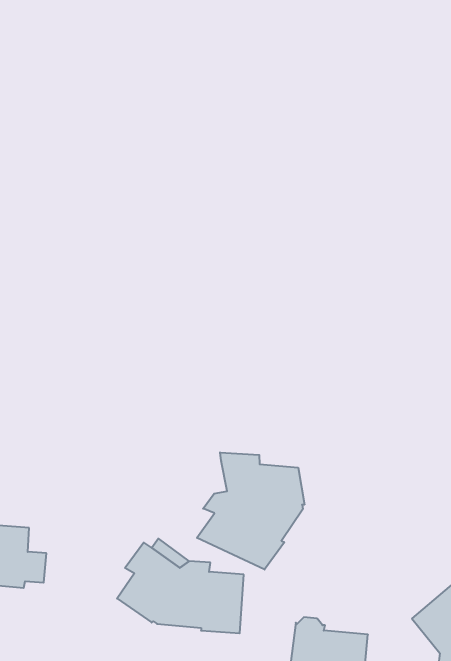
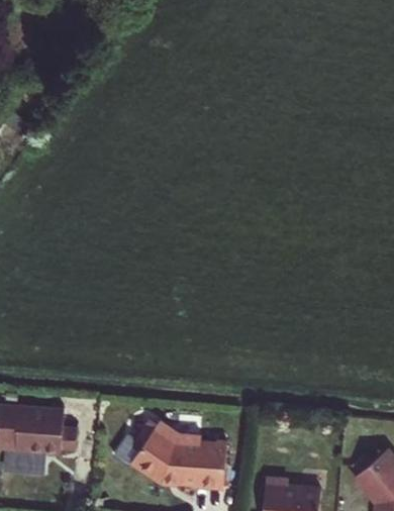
building: [197,452,304,570] -> none

